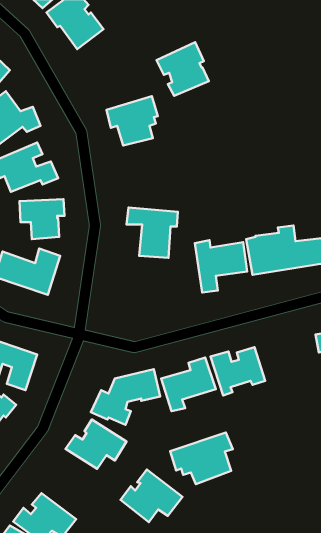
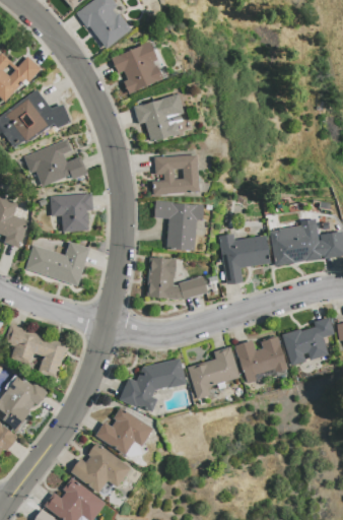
building: [156,42,209,96] -> [112,41,162,92]
building: none -> [152,154,199,195]
building: none -> [146,257,207,299]
building: none -> [281,317,334,366]
building: [170,433,233,484] -> none
building: [120,470,182,522] -> [71,442,131,493]

